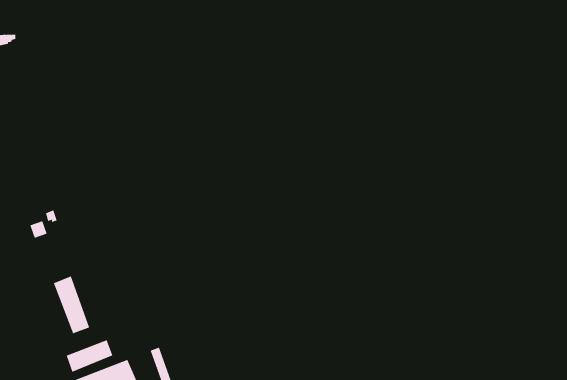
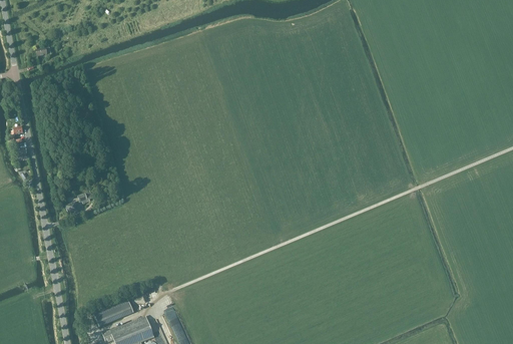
building: [53,276,90,334] -> none

